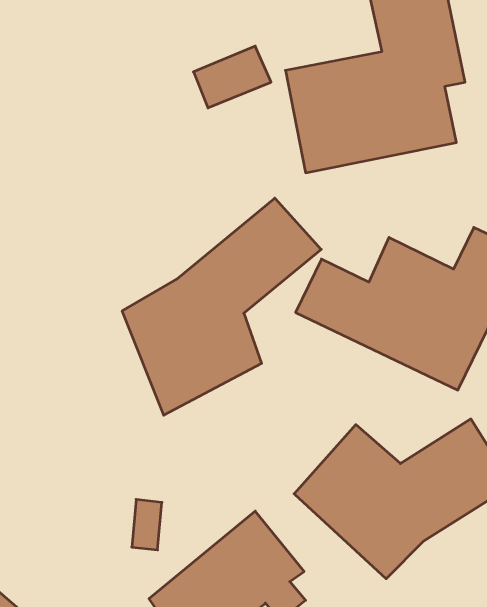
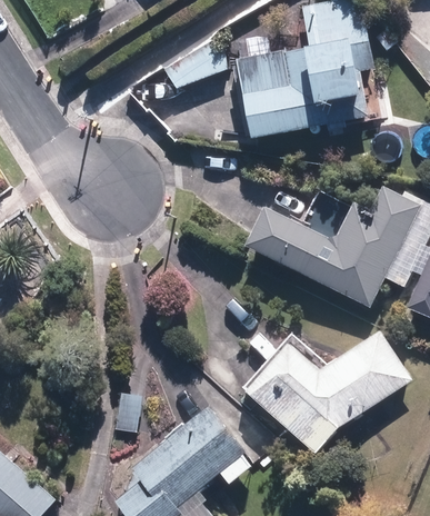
building: [122,198,321,415] -> none

